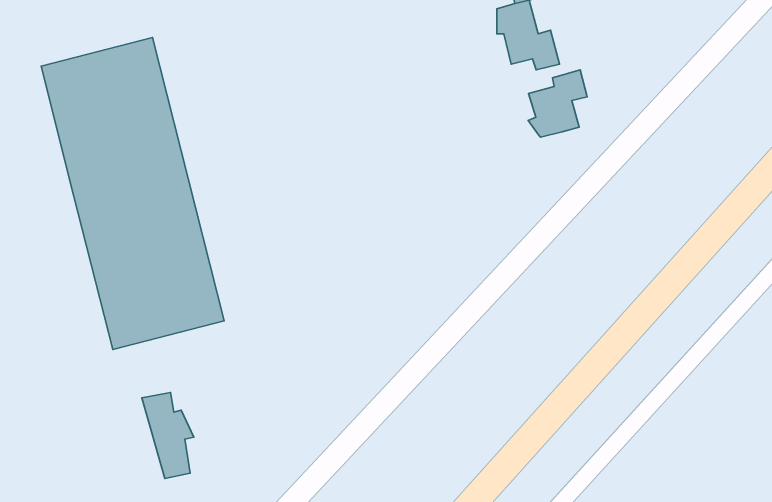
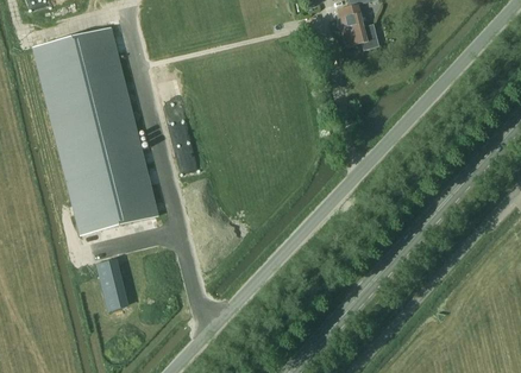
building: [528,70,587,137] -> none

